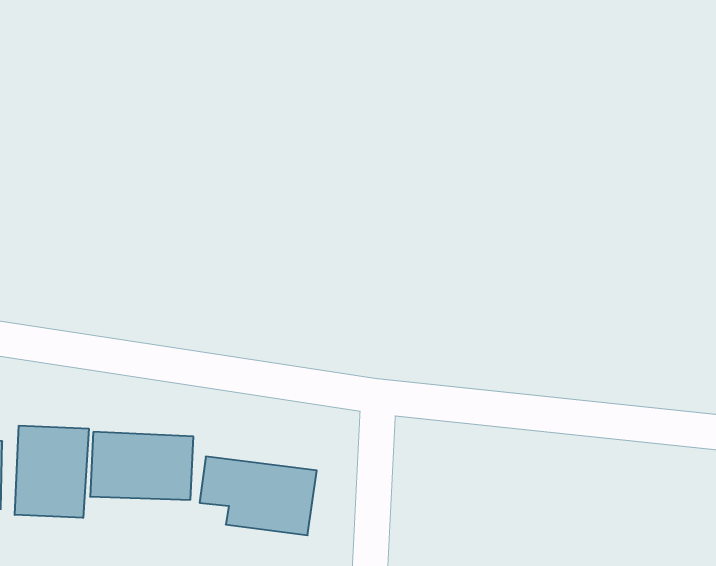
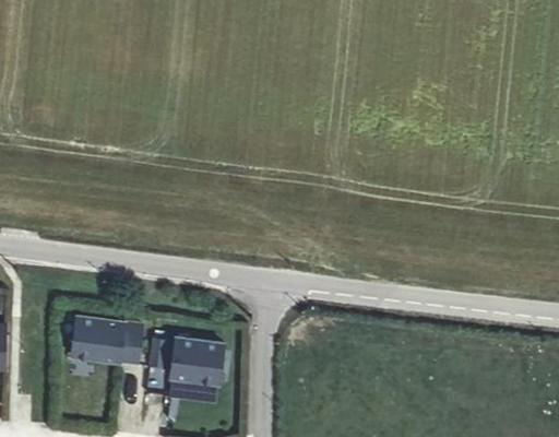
building: [15,426,89,518] -> none

